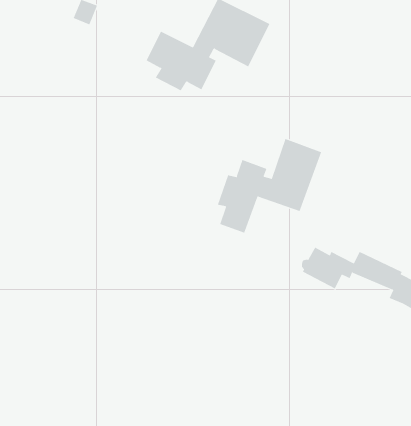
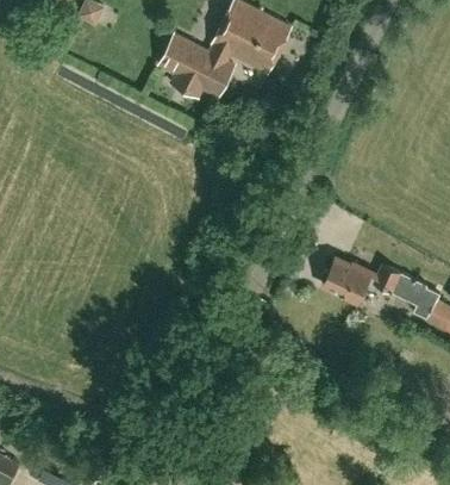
building: [217,138,322,234] -> none

